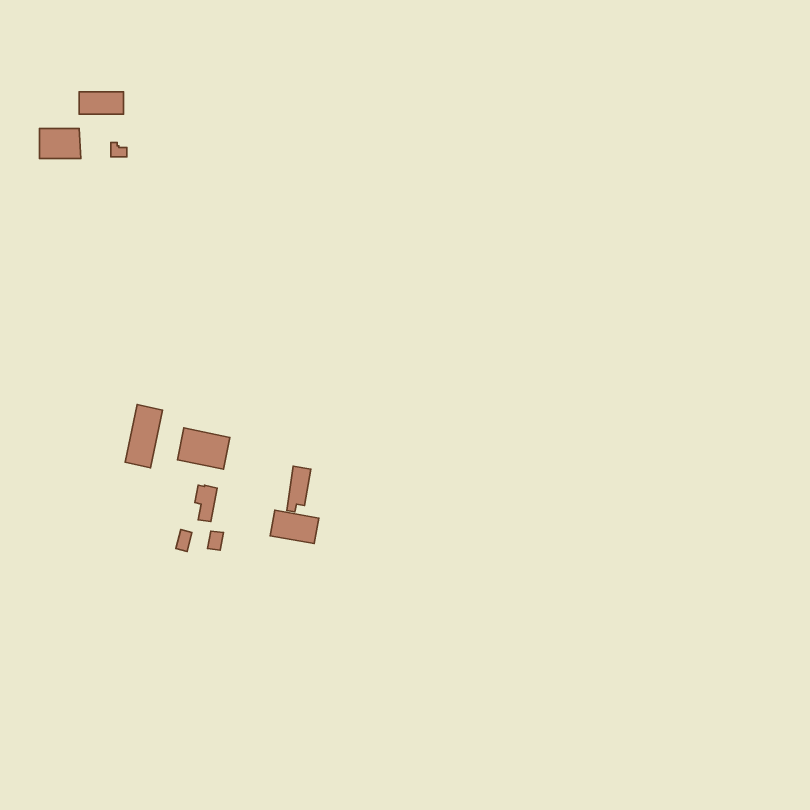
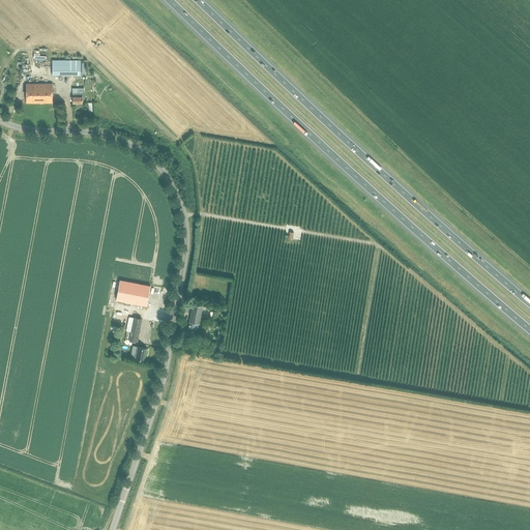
building: [125,405,163,468] -> none
building: [270,510,319,543] -> none

